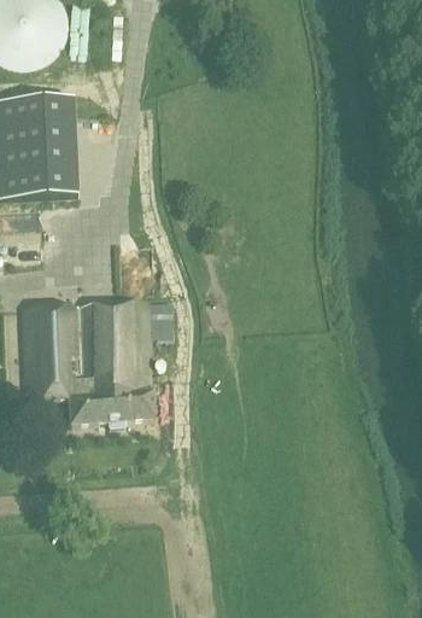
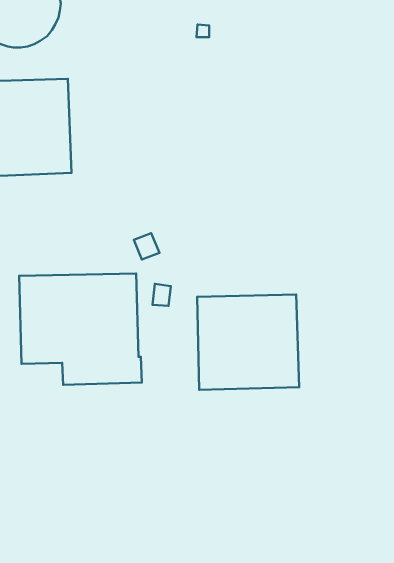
building: none -> [197,294,299,390]

